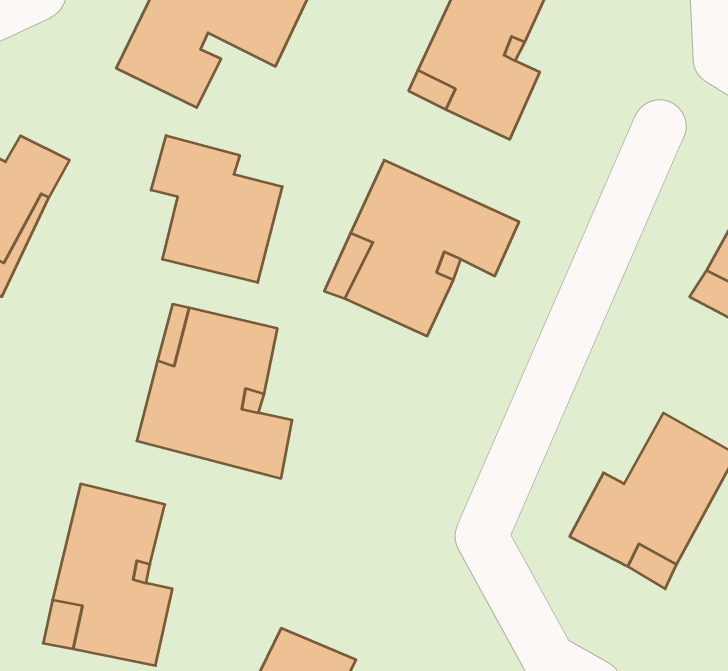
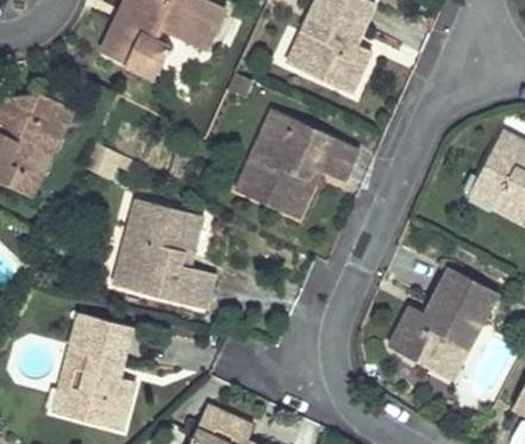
building: [151,135,282,283] -> none

